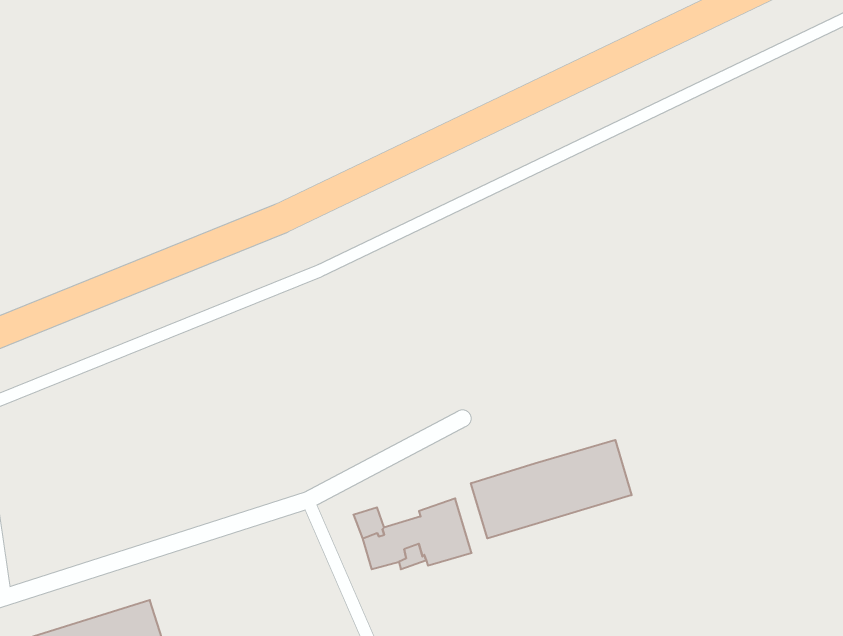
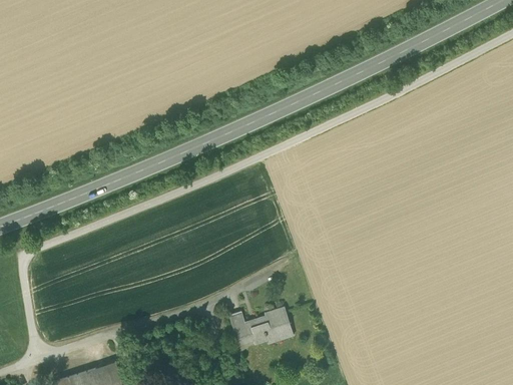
building: [471,440,632,538] -> none

